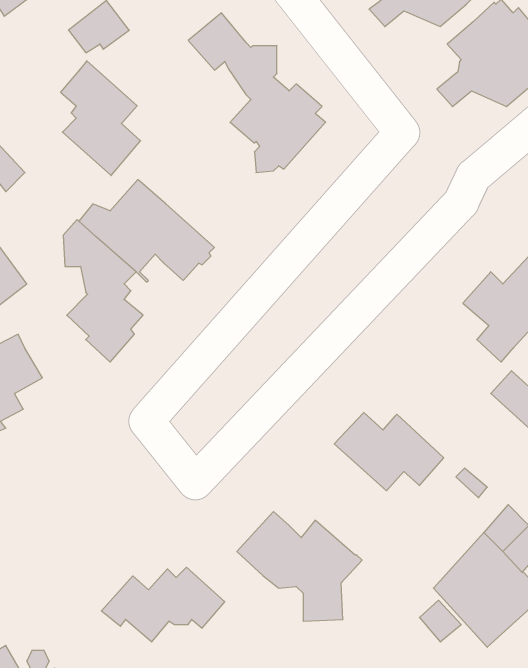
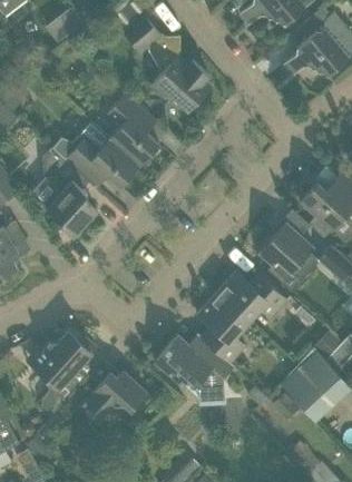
building: [61,61,141,176] -> [108,94,159,167]
building: none -> [257,220,314,289]
building: none -> [197,293,251,364]
building: none -> [33,333,88,417]

